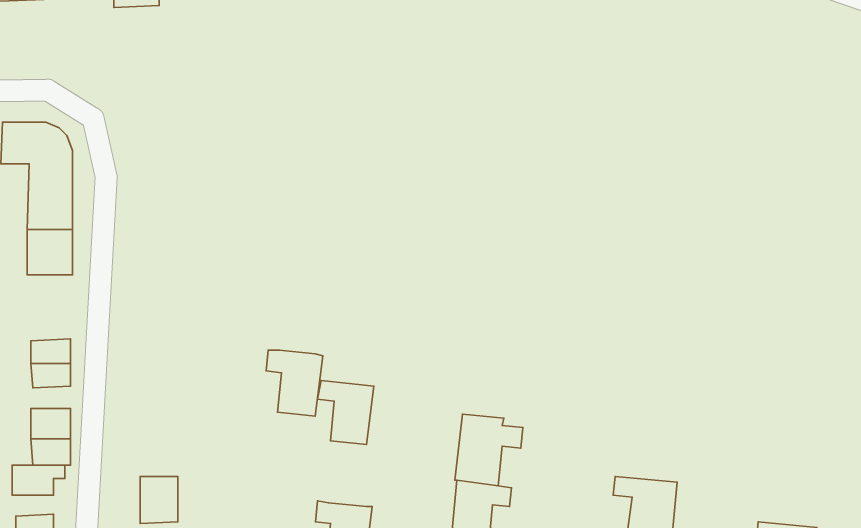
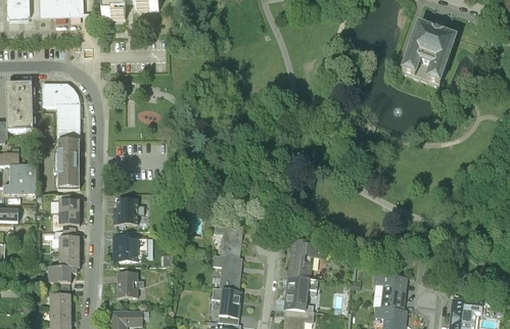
building: none -> [401,21,459,88]
building: none -> [55,163,80,188]
building: none -> [115,199,145,224]
building: [266,350,323,416] -> [213,253,243,289]
building: none -> [112,236,137,261]

